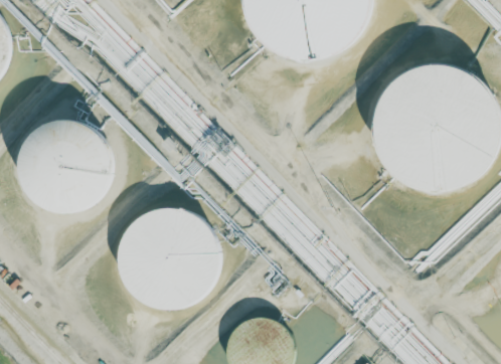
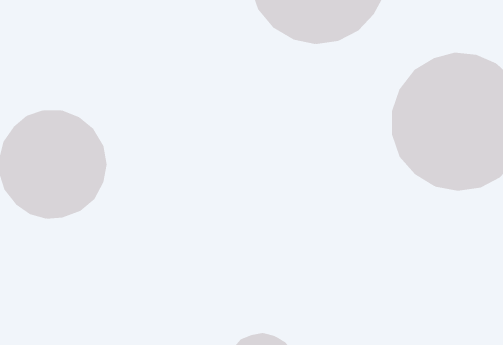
building: [116,206,214,304] -> none

